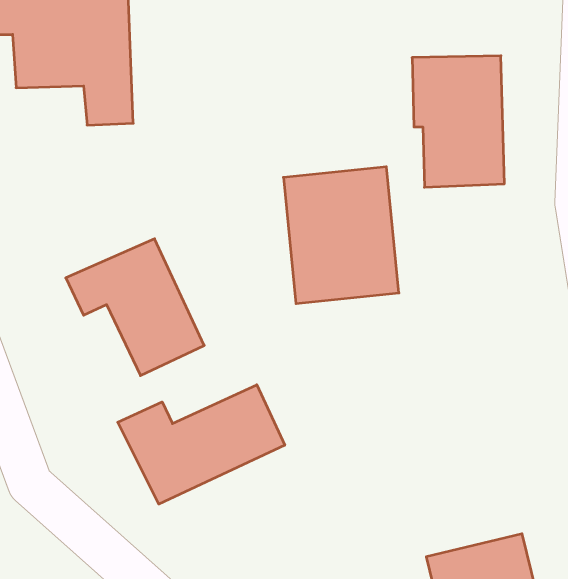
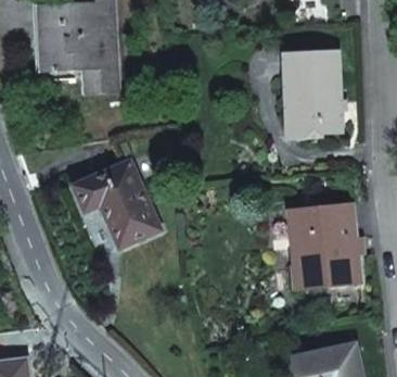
building: [283,167,399,304] -> [290,204,360,288]
building: [118,385,285,504] -> none

